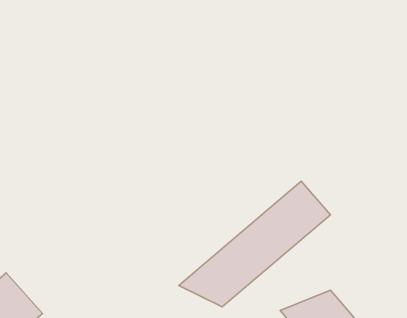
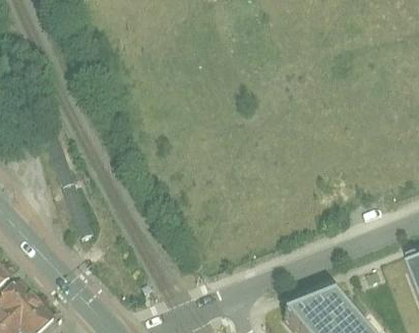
building: [179,181,330,307] -> none

